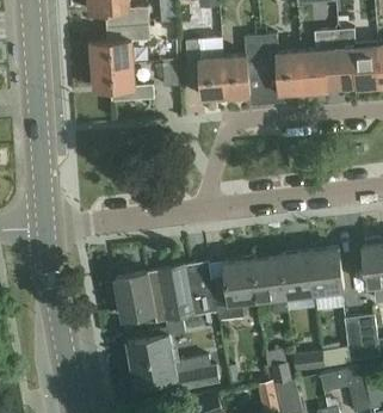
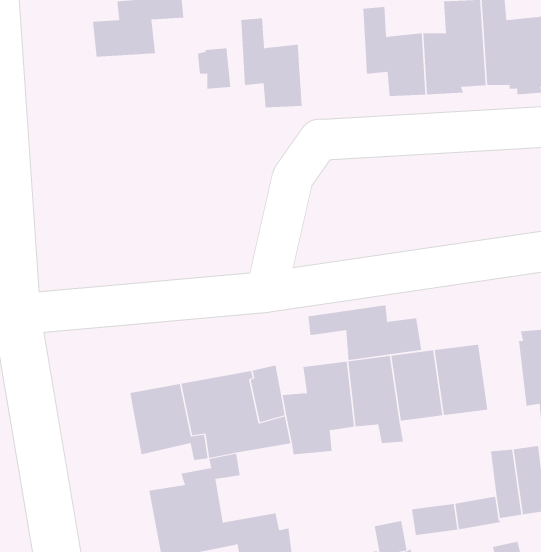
building: [222,37,260,97] -> none
building: [93,63,154,101] -> none
building: none -> [308,305,422,361]

